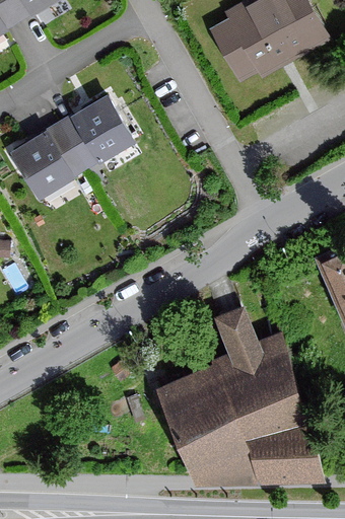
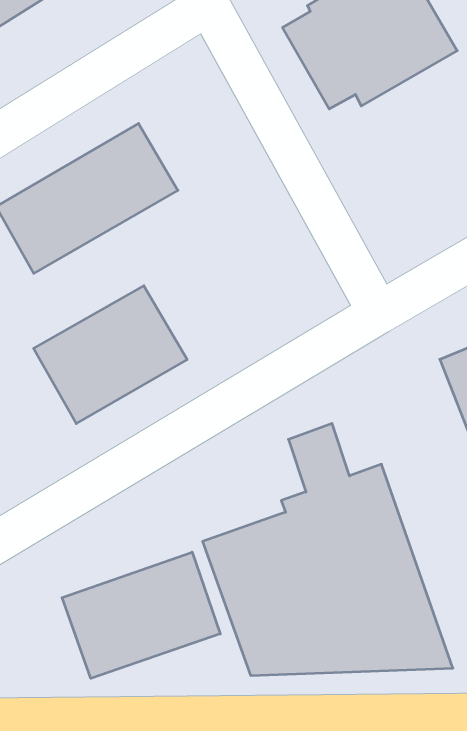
building: none -> [34,286,187,424]
building: none -> [62,552,220,678]

